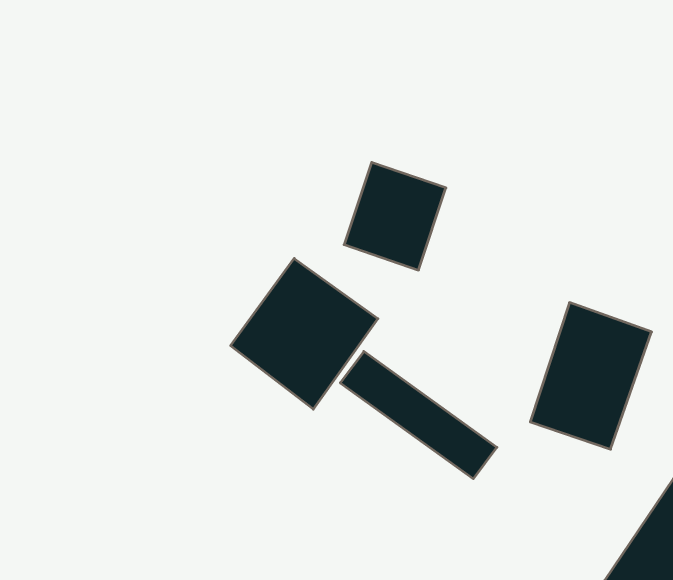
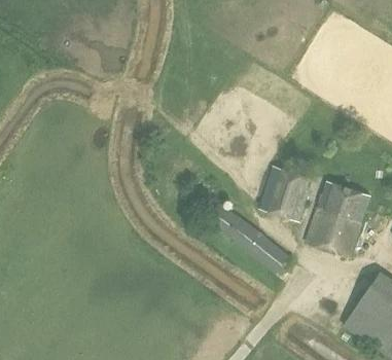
building: [344,162,446,270] -> [257,164,311,220]
building: [231,258,378,409] -> none

